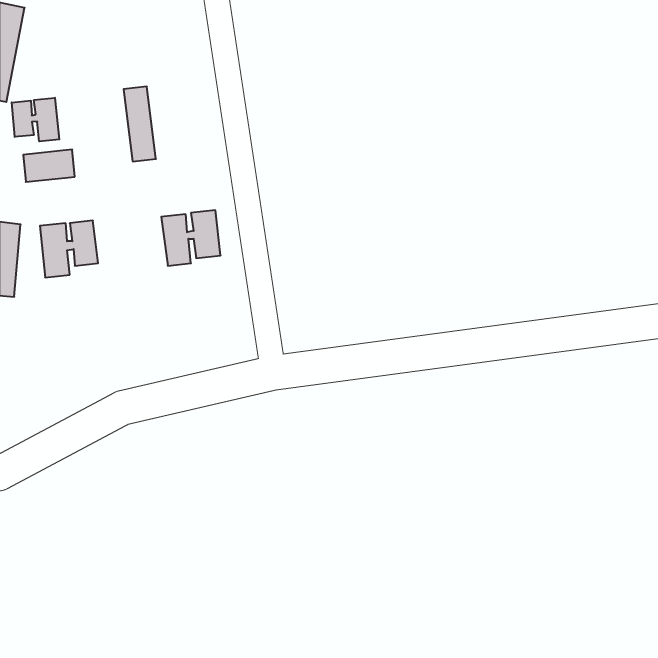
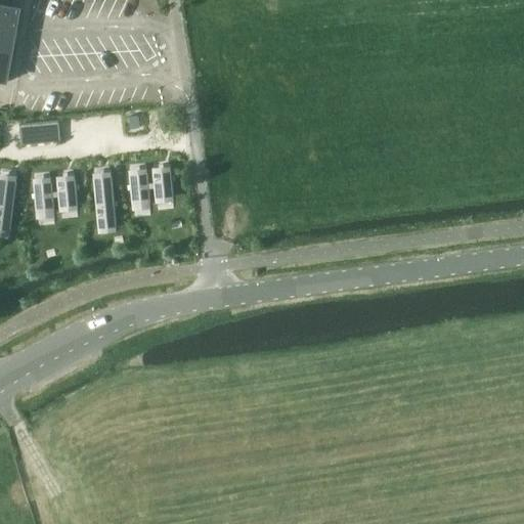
building: [124,87,156,161] -> [92,173,118,232]
building: [12,98,59,141] -> none

